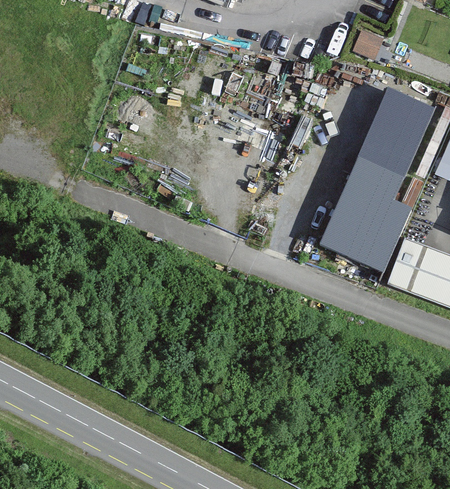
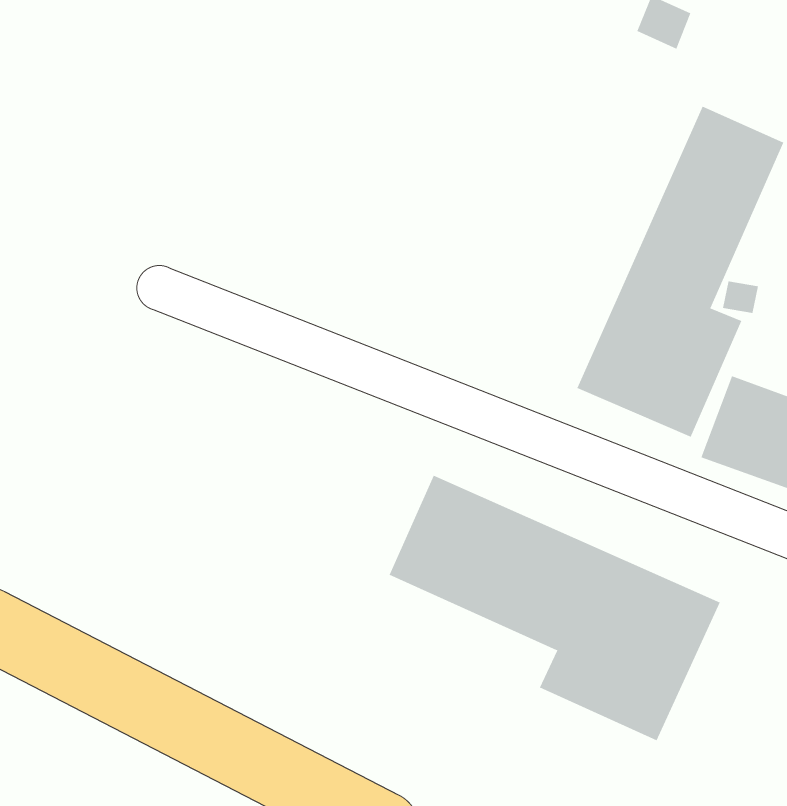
building: none -> [389,475,721,741]

